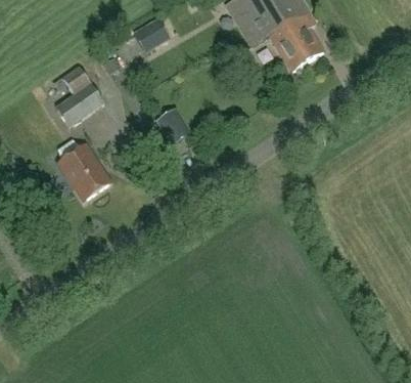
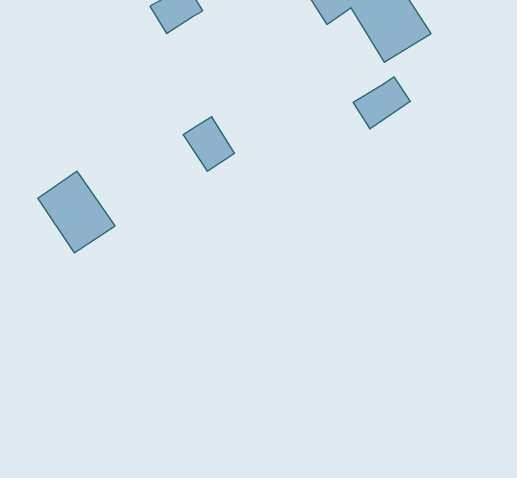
building: [55,67,102,126] -> none
building: none -> [353,77,410,129]

